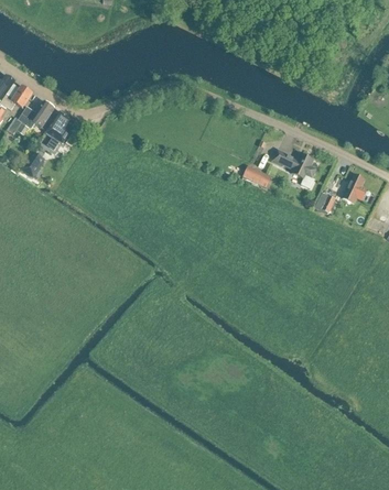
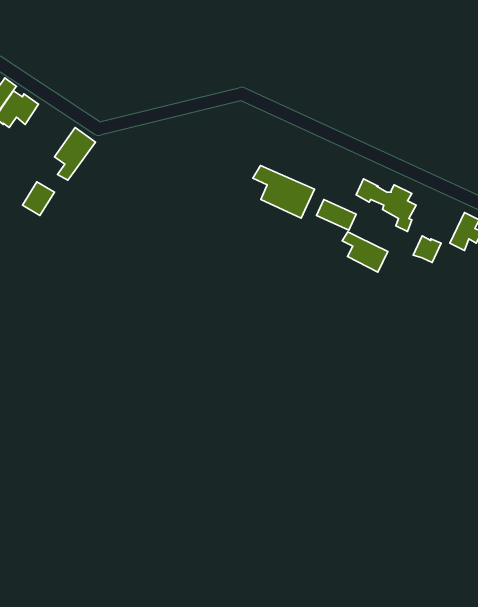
building: [19,101,55,129] -> none
building: none -> [253,165,314,218]
building: none -> [342,232,388,272]

